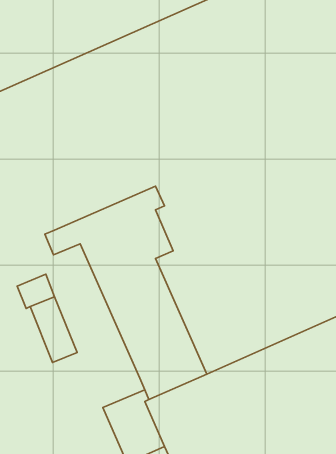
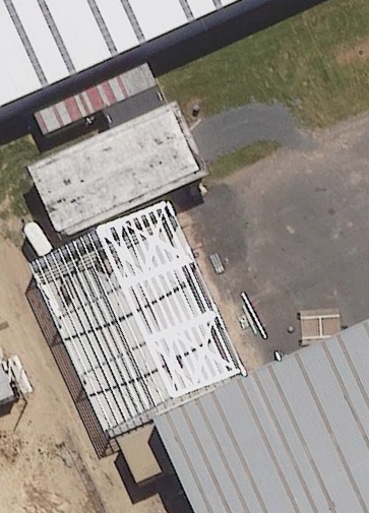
building: none -> [32,104,213,240]

